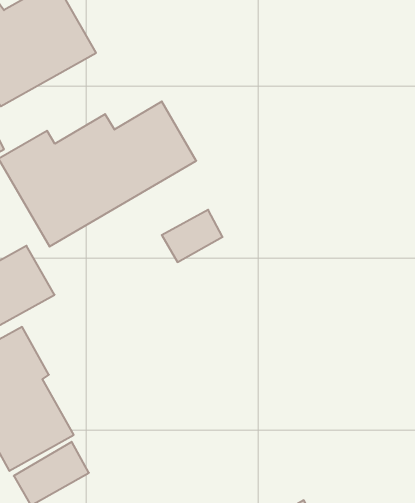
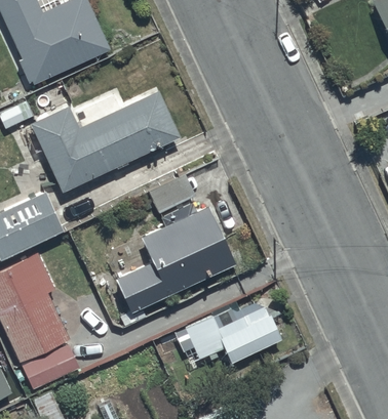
building: none -> [115,204,234,312]
building: none -> [176,297,282,364]

